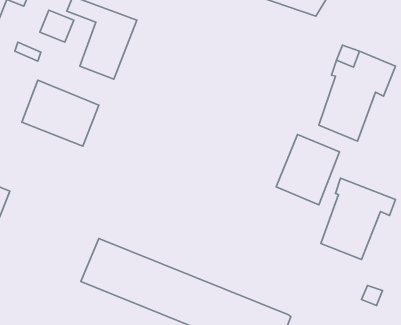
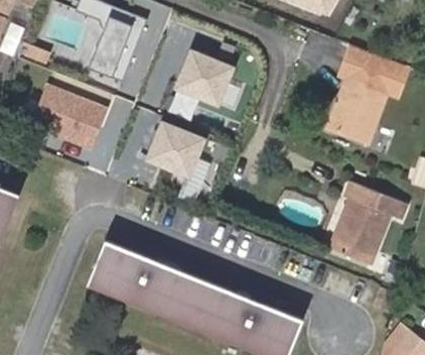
building: none -> [176,46,238,107]
building: none -> [146,118,208,180]
building: [276,134,340,205] -> none

